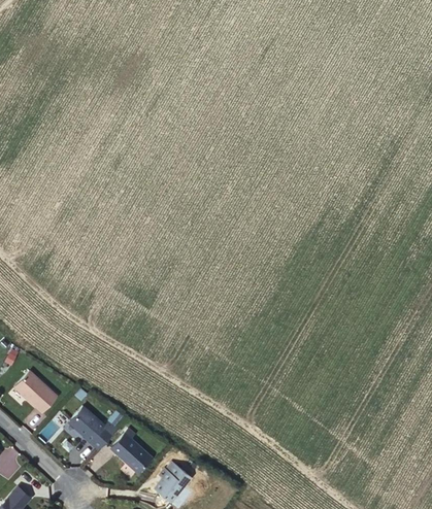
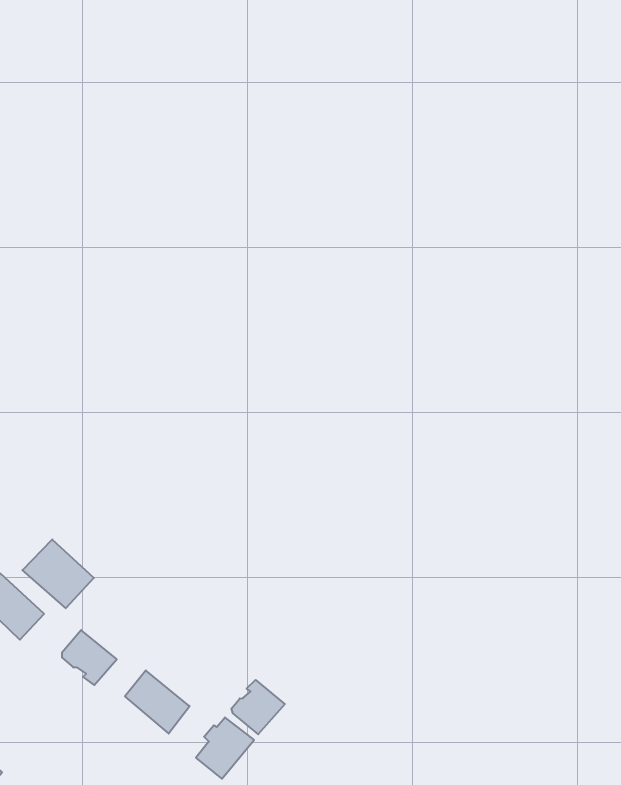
building: none -> [22,539,94,608]
building: none -> [231,680,285,734]

